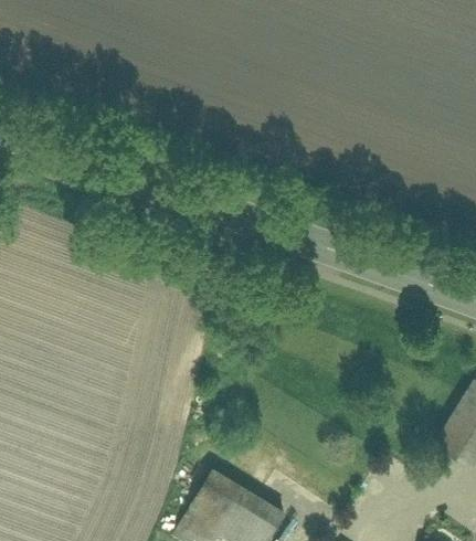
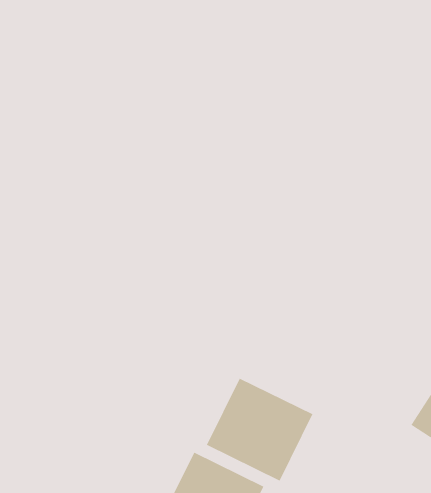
building: none -> [206,378,313,482]

